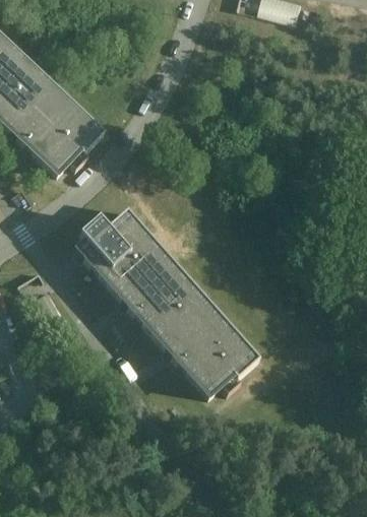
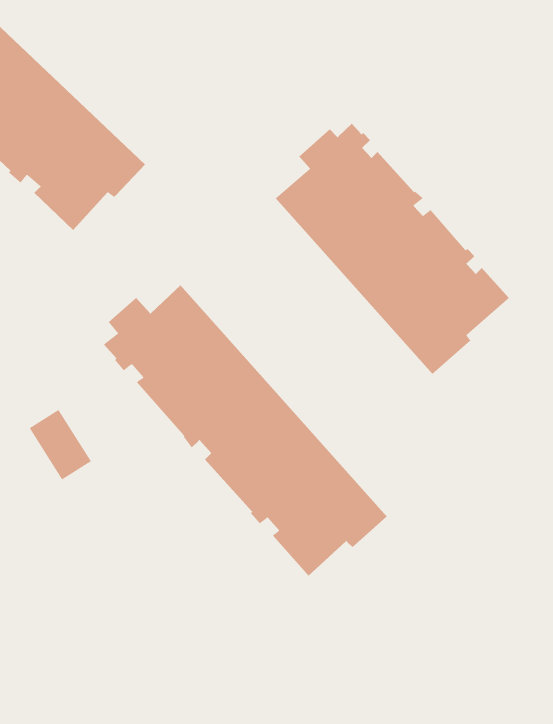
building: none -> [275,123,510,375]

